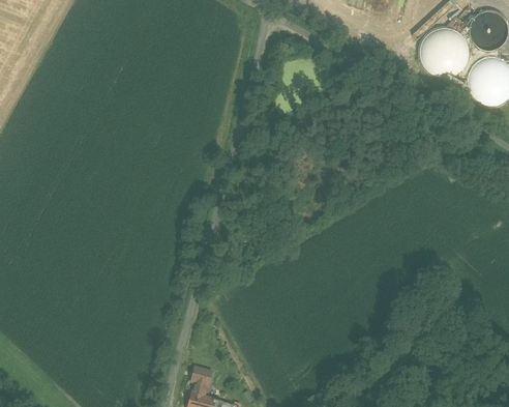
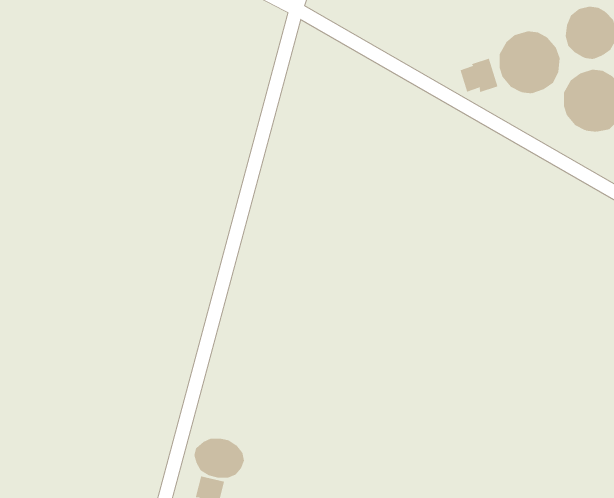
building: none -> [460,58,498,93]
building: none -> [194,438,245,479]

